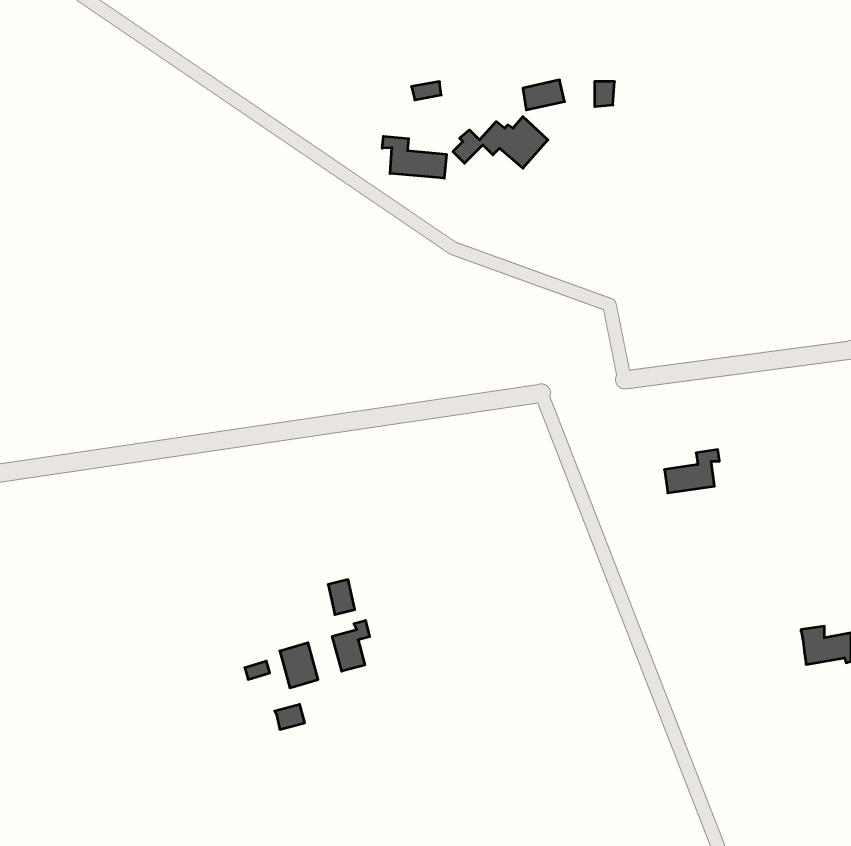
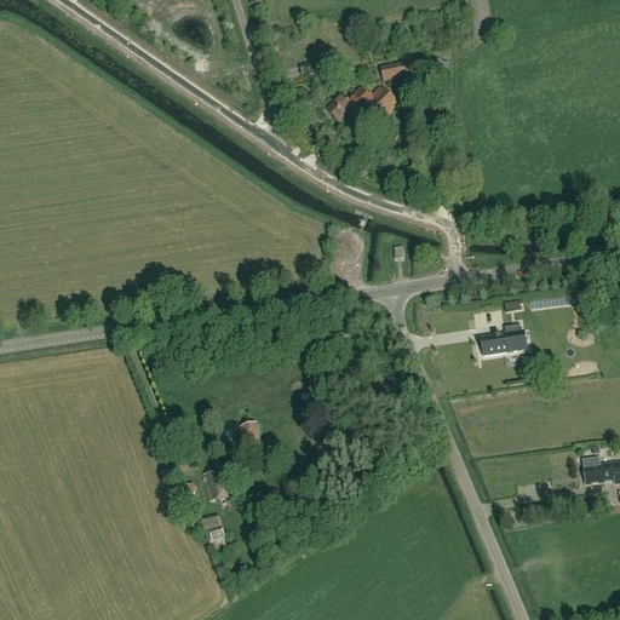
building: [382,136,446,178] -> none
building: [332,620,370,671] -> none

